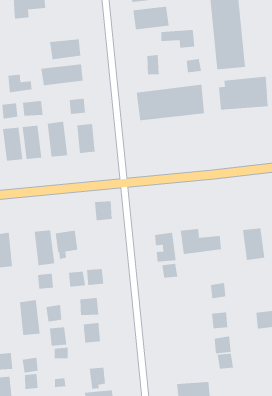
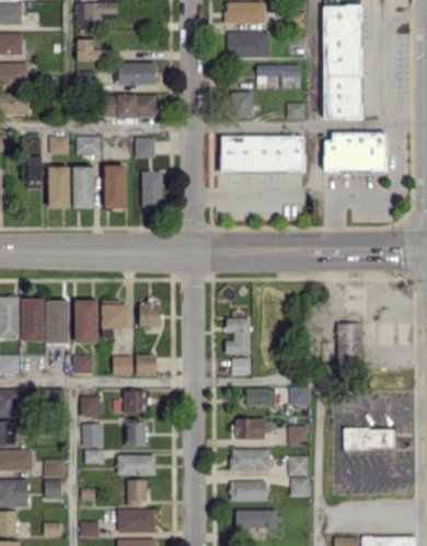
building: [8,74,32,93] -> [77,39,106,61]
building: [94,201,112,221] -> [139,302,161,326]
building: [180,228,221,255] -> none
building: none -> [245,388,276,406]
building: [19,300,41,336] -> [46,300,69,344]
building: none -> [235,418,270,438]
building: none -> [230,449,270,469]
building: none -> [117,455,155,475]
building: none -> [230,480,267,501]

